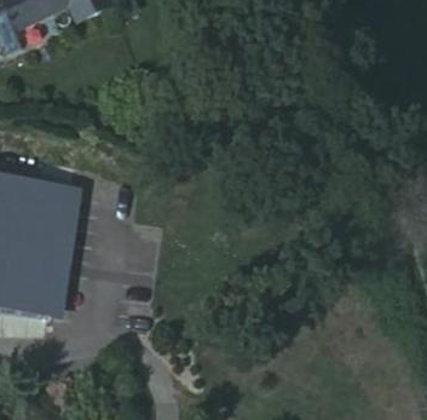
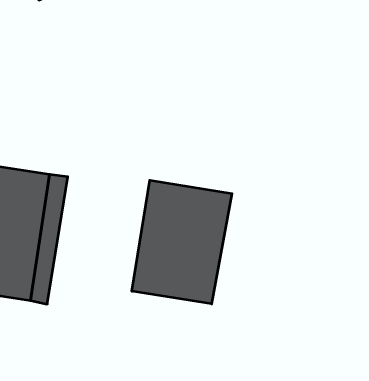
building: none -> [132,180,232,304]

